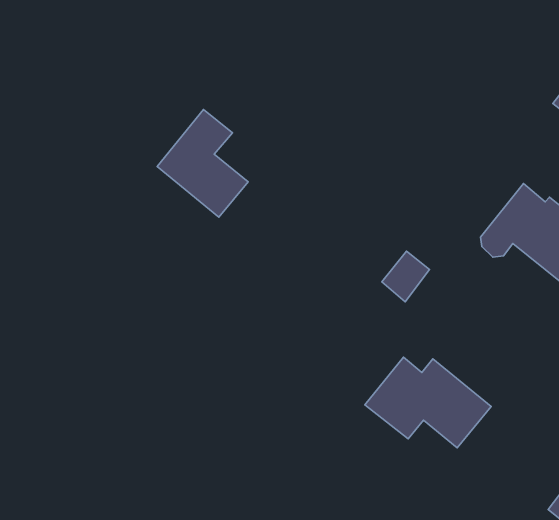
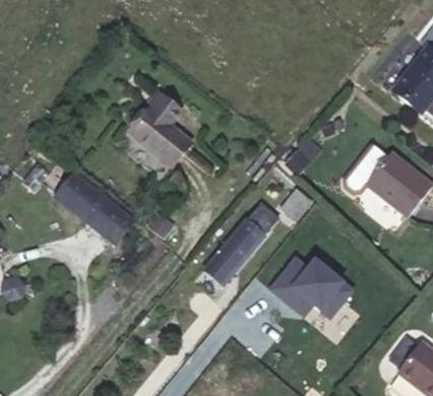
building: none -> [57,172,136,242]
building: none -> [218,200,280,269]

